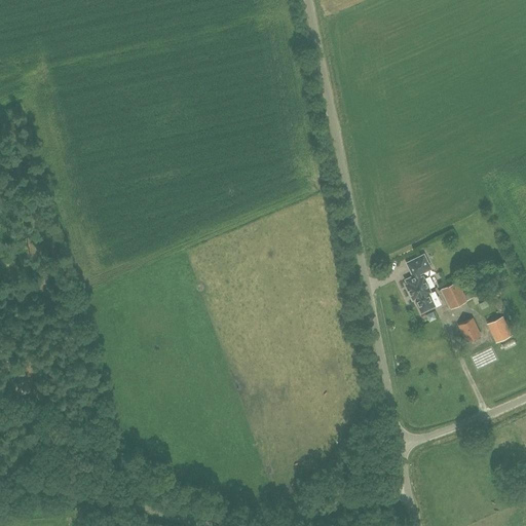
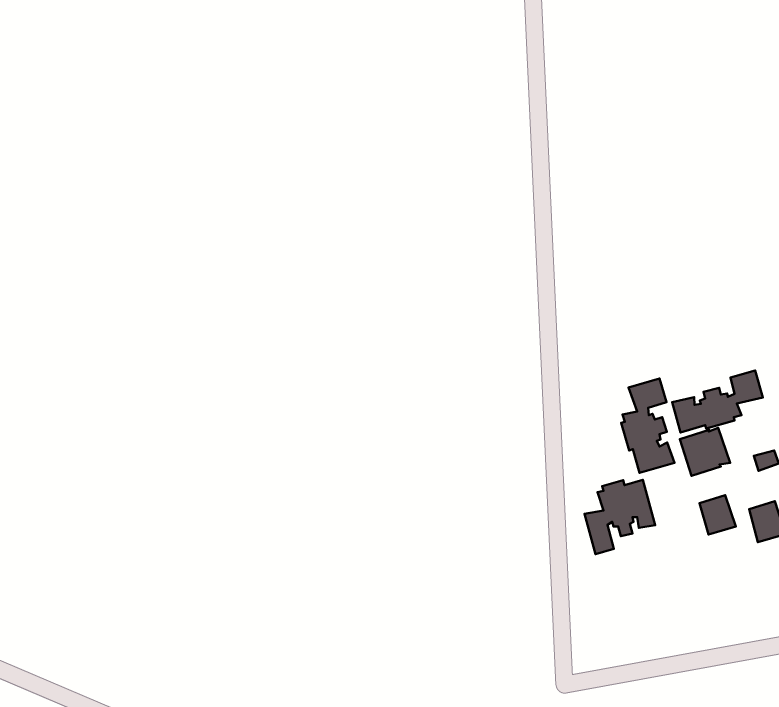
building: none -> [672,370,763,432]
building: none -> [584,480,655,554]

